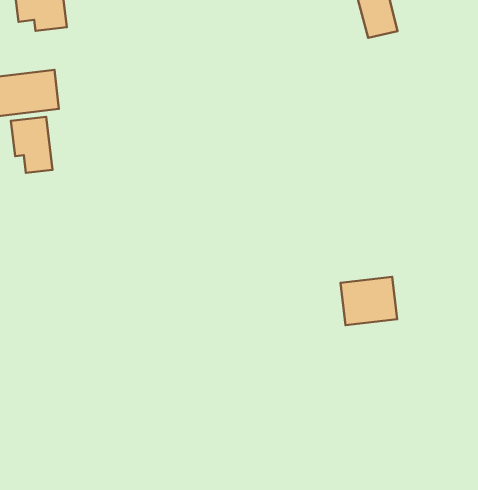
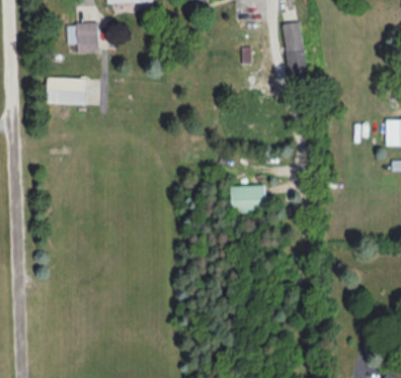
building: [11,117,52,173] -> none
building: [341,277,397,325] -> [231,185,264,212]

